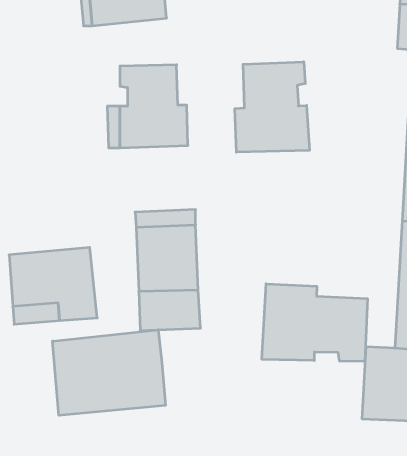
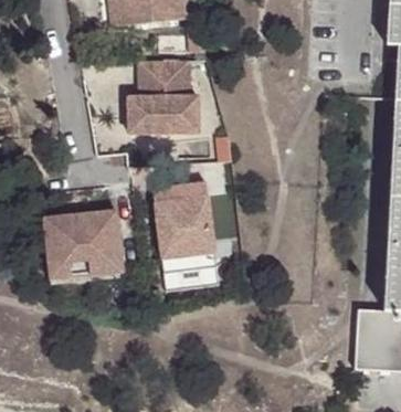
building: [235,62,309,152] -> none
building: [262,284,367,362] -> none
building: [53,330,165,415] -> none

